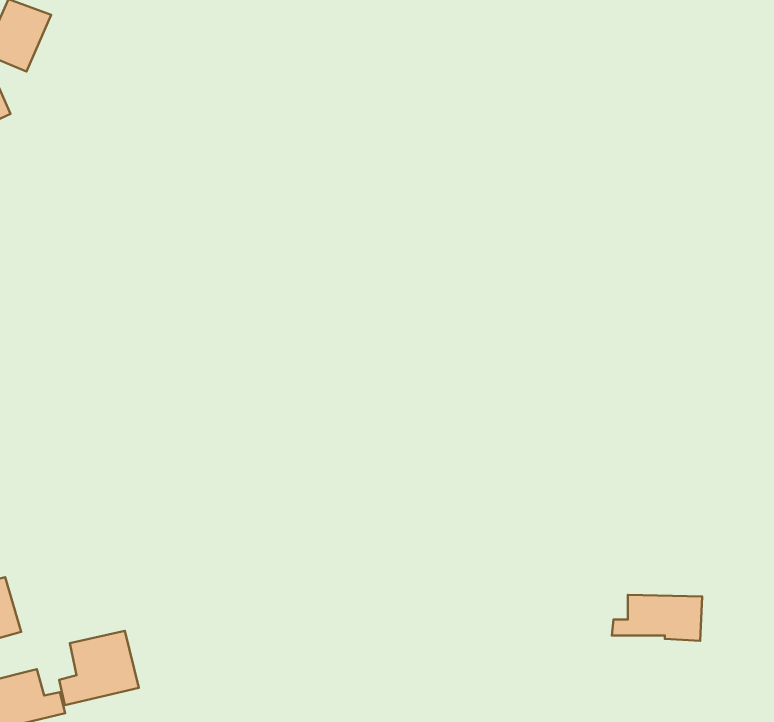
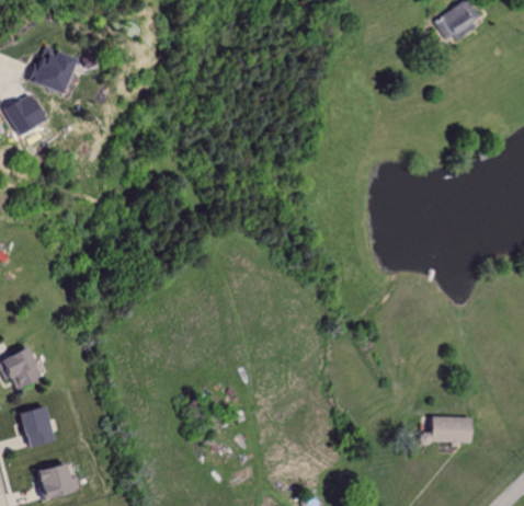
building: [59,631,139,705] -> none

